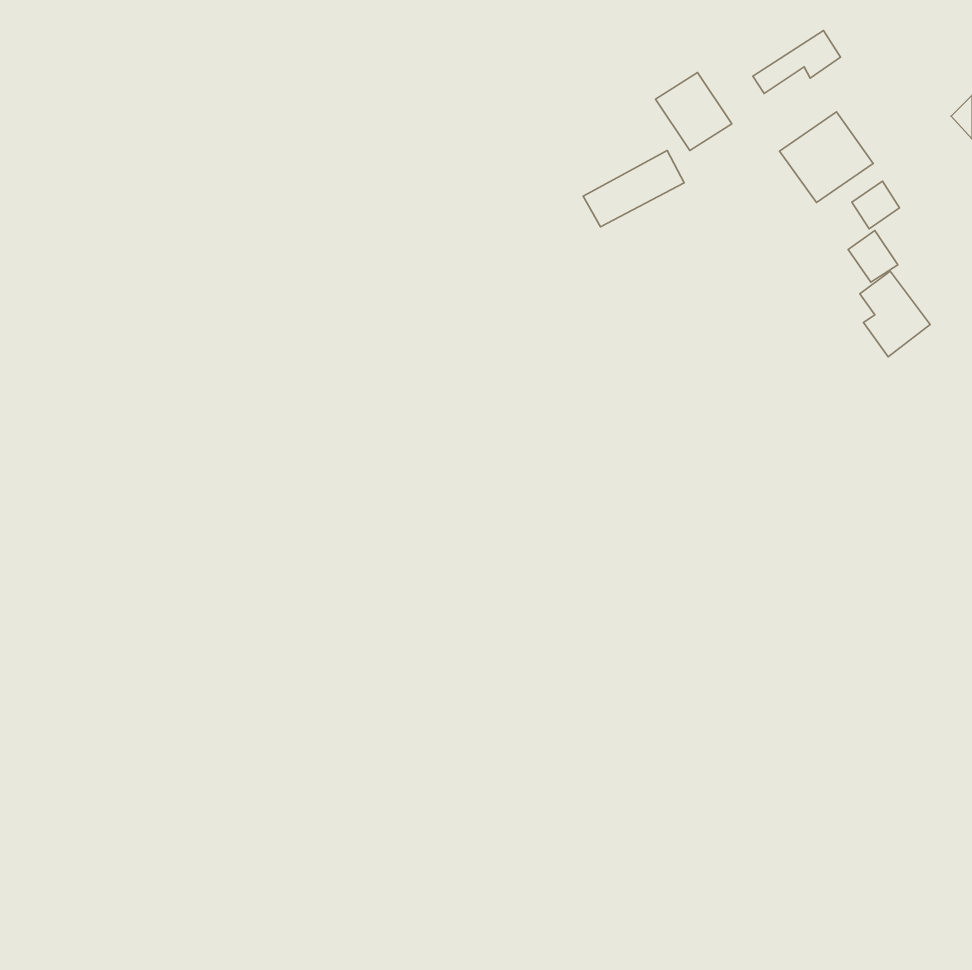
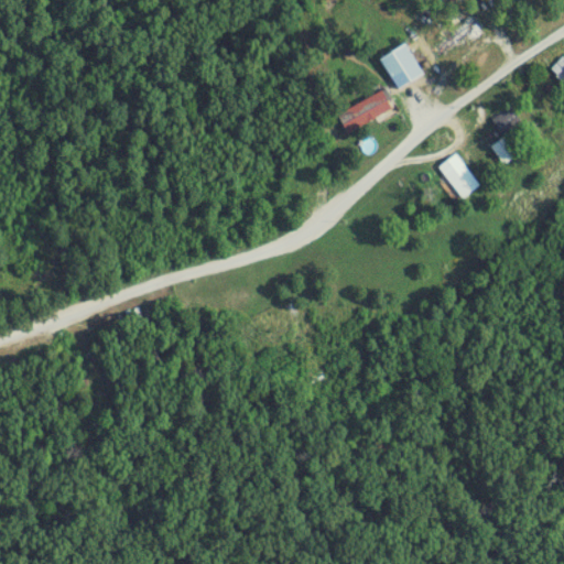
building: [780,112,873,203] -> none
building: [860,271,930,357] -> [438,152,479,202]

